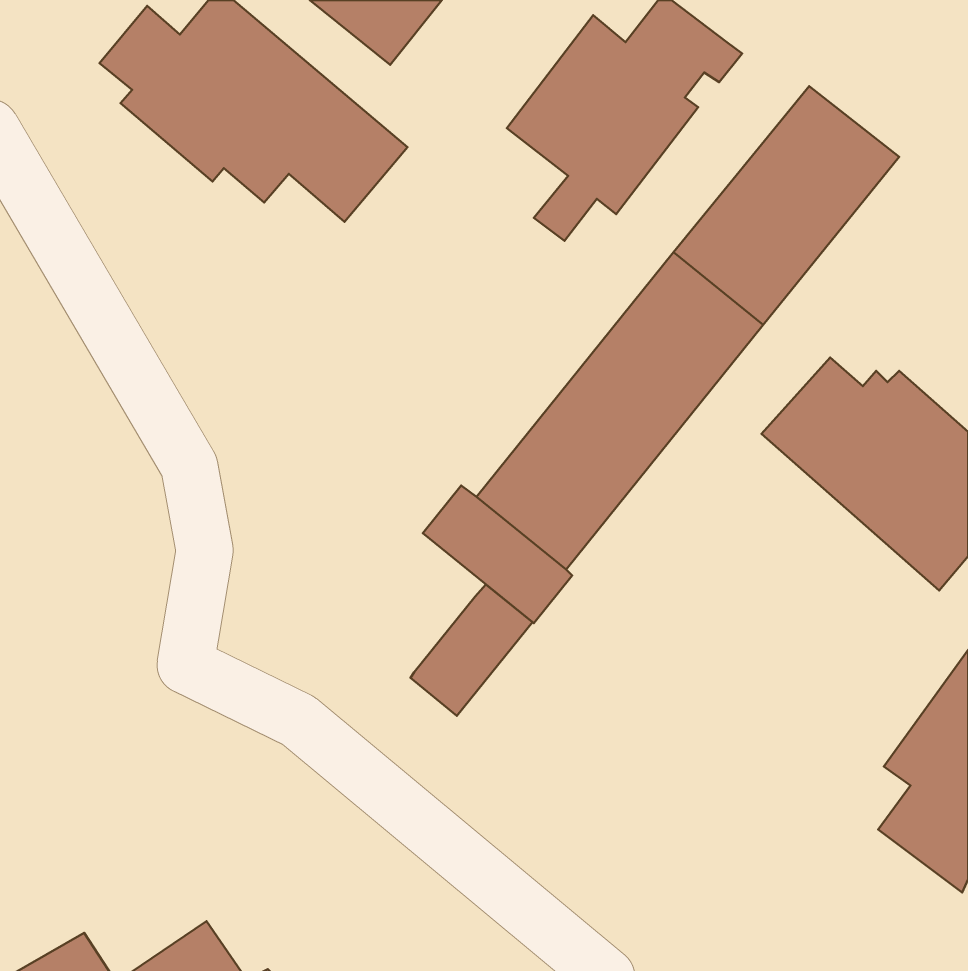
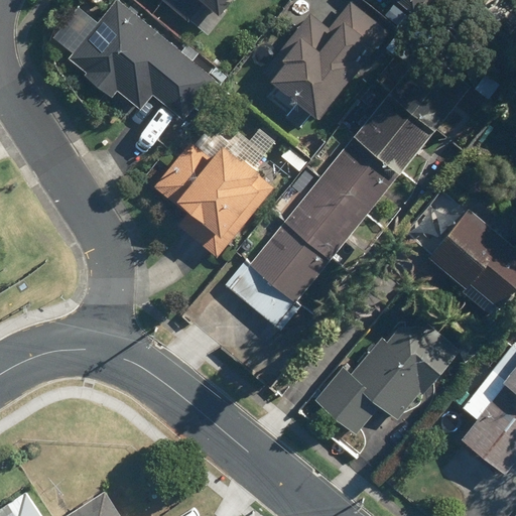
building: none -> [154,142,265,259]
building: none -> [314,298,460,435]
building: [410,584,532,716] -> none

